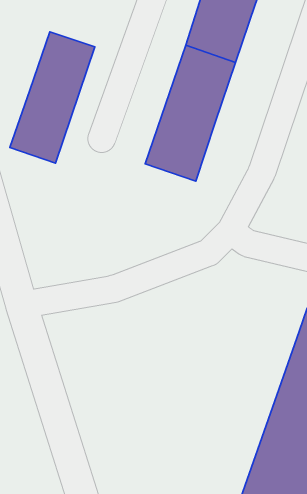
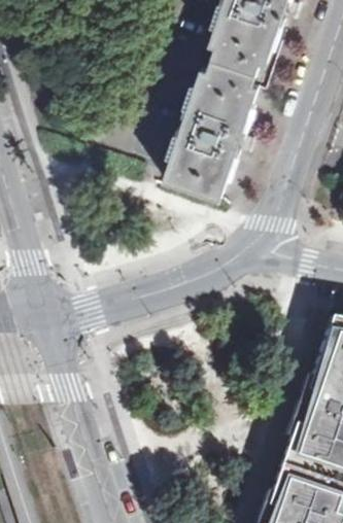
building: [10,32,95,163] -> none

